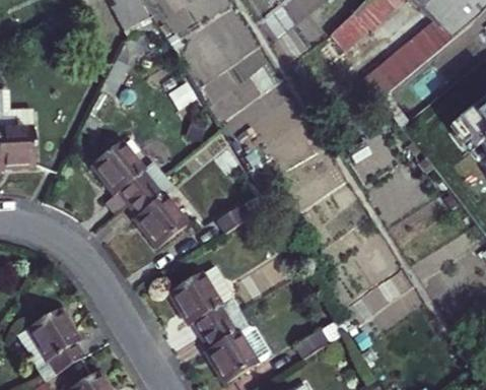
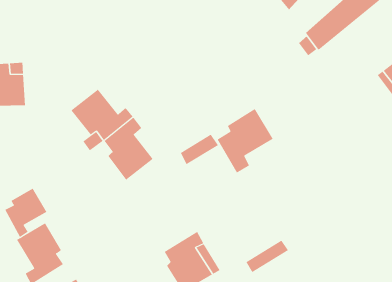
building: none -> [217,108,273,174]
building: none -> [4,188,47,238]
building: [167,264,240,334] -> none

